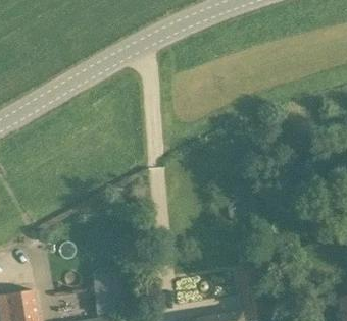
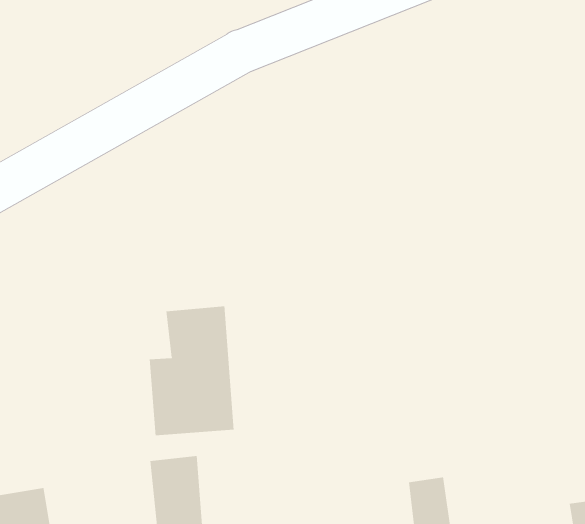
building: none -> [149,306,234,436]

